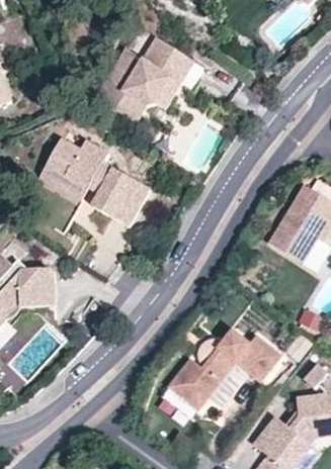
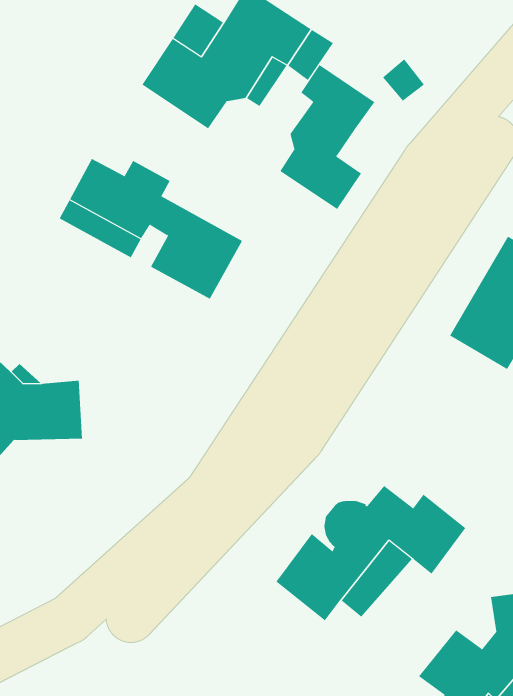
building: none -> [280,64,375,210]

